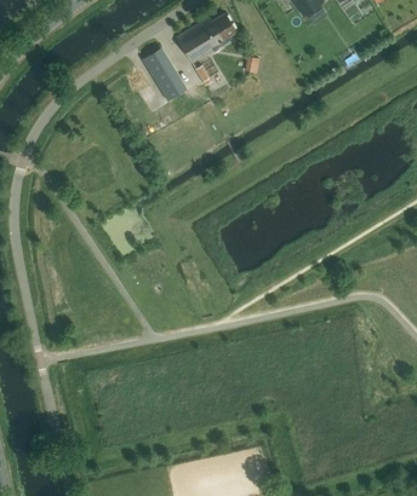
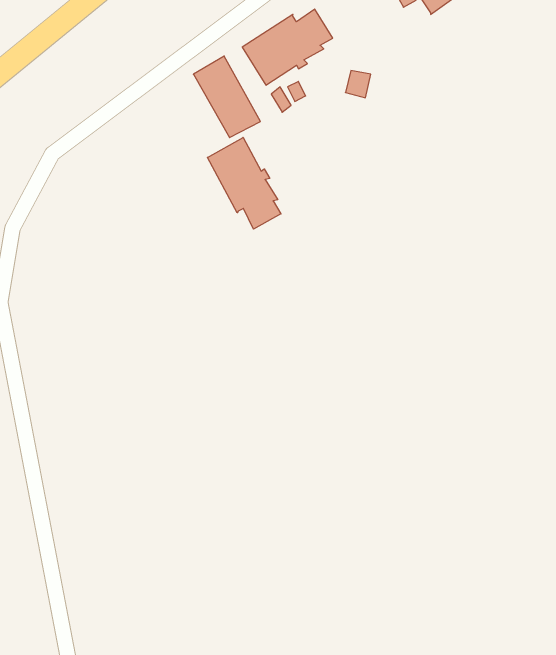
building: none -> [207,137,281,229]

